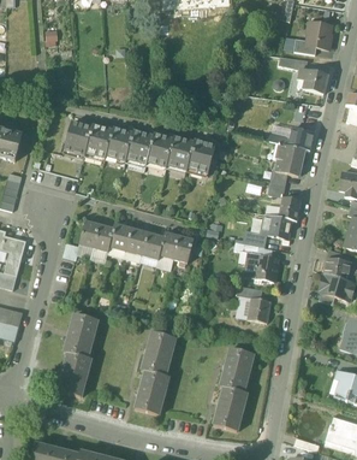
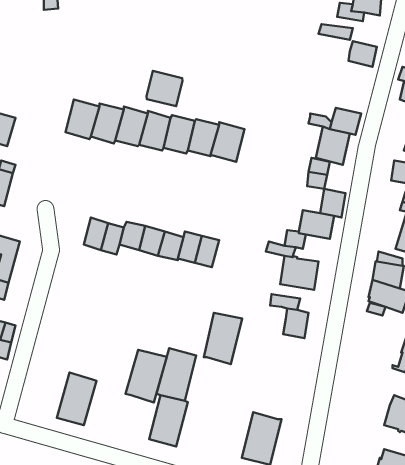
building: none -> [147,71,183,106]
building: [63,312,97,356] -> [126,350,167,402]
building: [220,347,252,390] -> [204,313,242,364]

